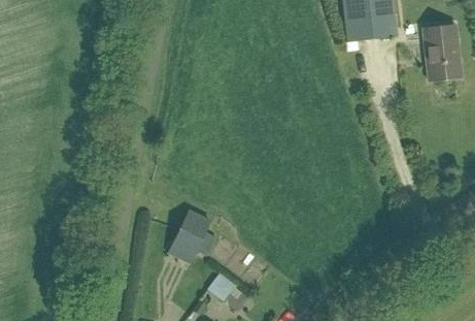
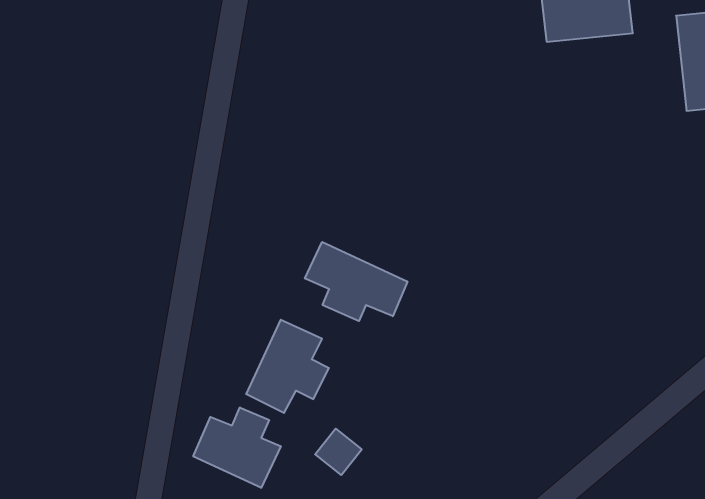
building: none -> [305,242,407,321]
building: none -> [193,407,281,488]

